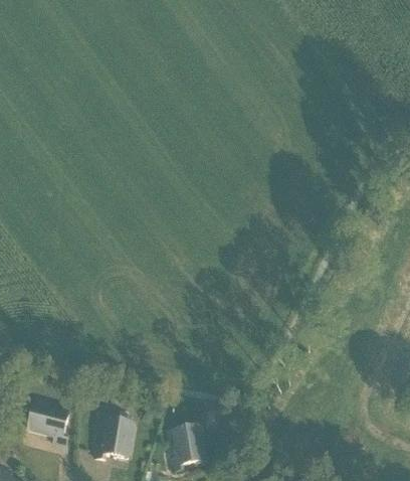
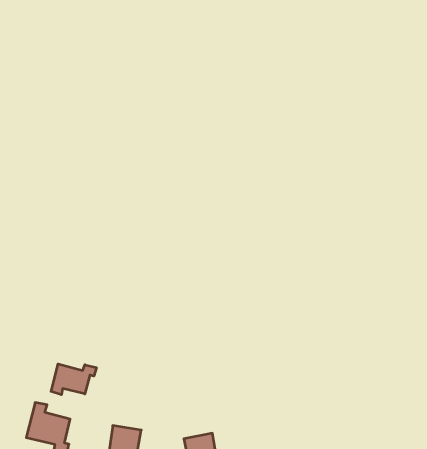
building: none -> [51,364,96,395]

